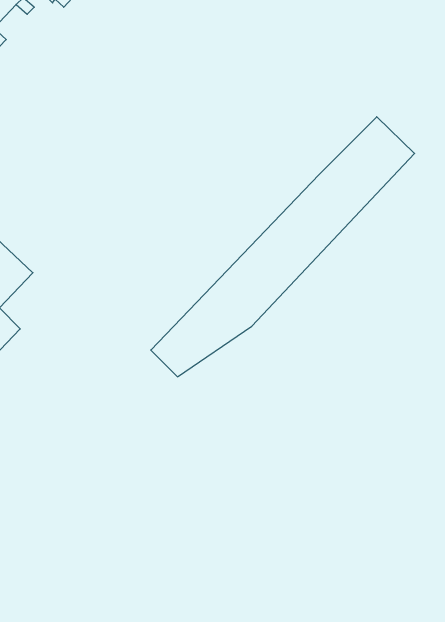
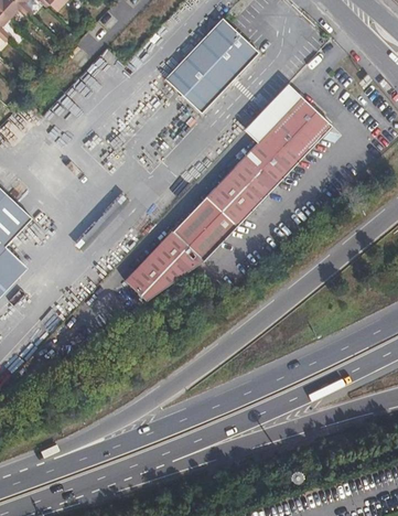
building: none -> [165,18,259,114]
building: none -> [245,84,302,142]

